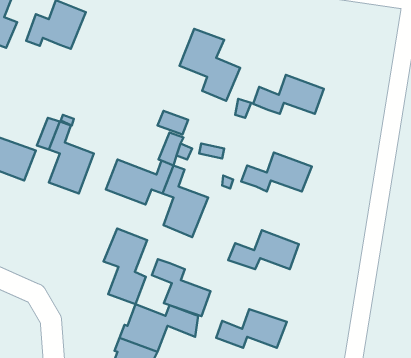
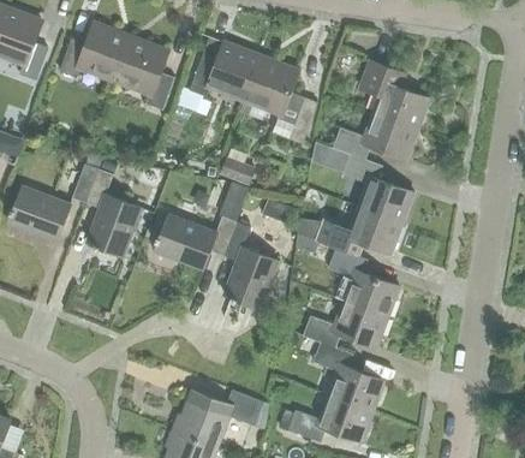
building: none -> [113,36,174,109]
building: none -> [190,42,262,101]
building: none -> [356,58,429,129]
building: none -> [344,154,414,222]
building: none -> [328,246,400,316]
building: [103,229,147,304] -> none
building: [152,259,211,316] -> [314,341,384,410]

